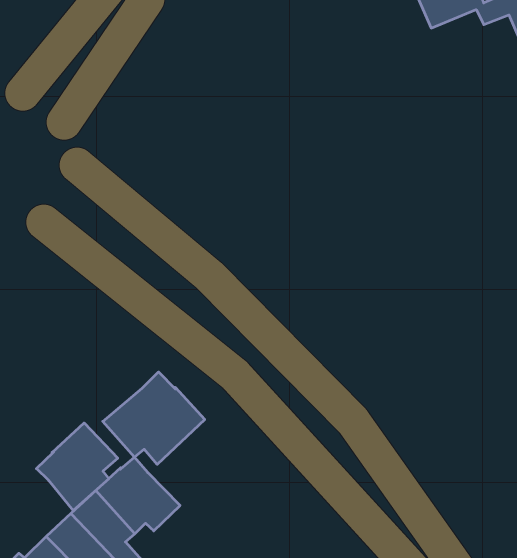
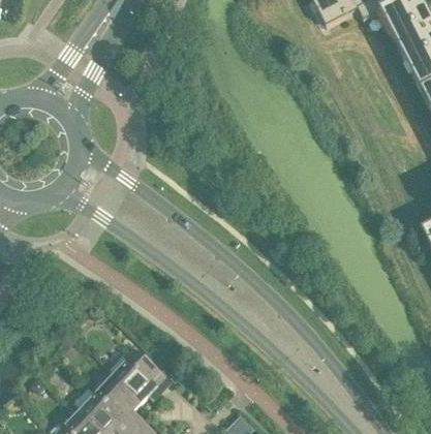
building: [103,372,205,464] -> none
building: [36,423,118,510] -> none

